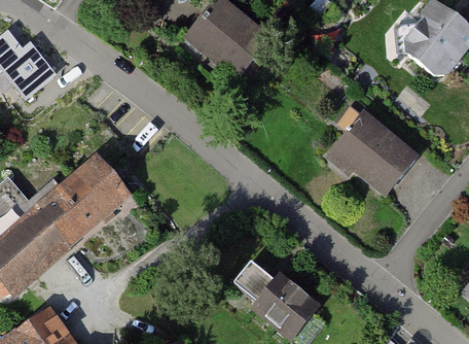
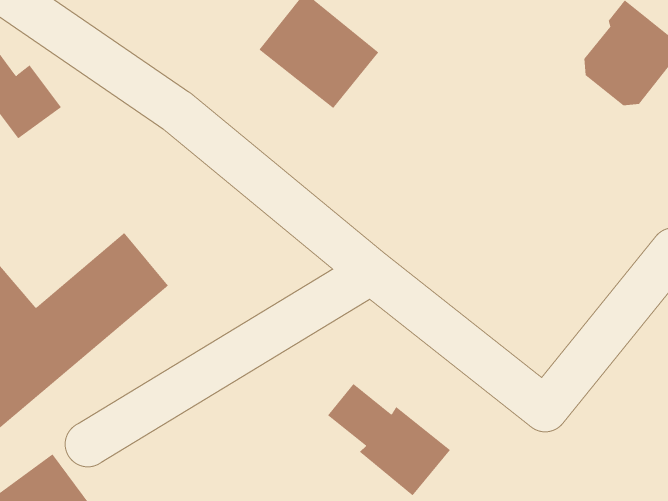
building: [333,103,416,192] -> none

